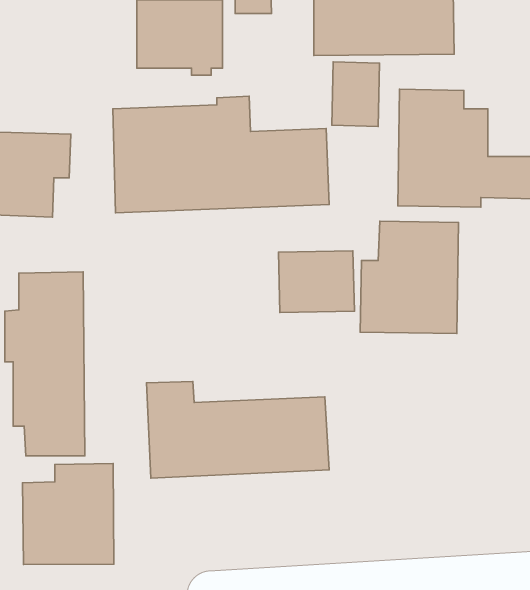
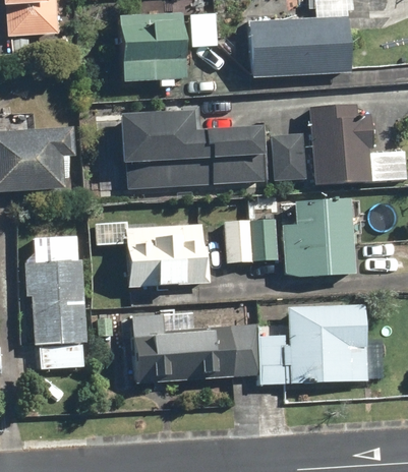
building: [332,62,380,126] -> [274,132,308,179]
building: none -> [96,220,211,285]
building: none -> [257,301,387,385]
building: [23,464,114,565] -> none

